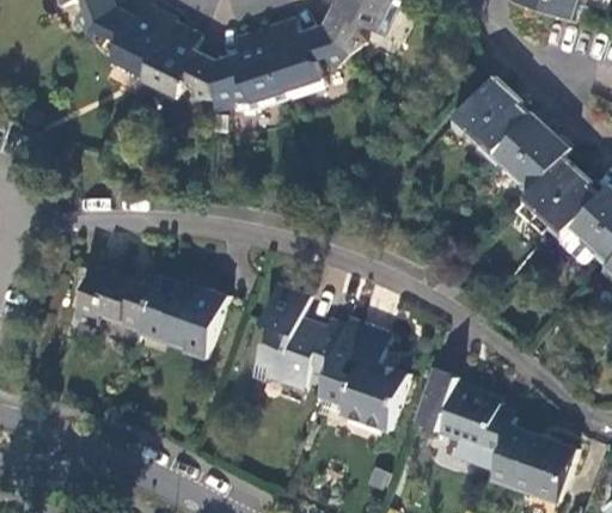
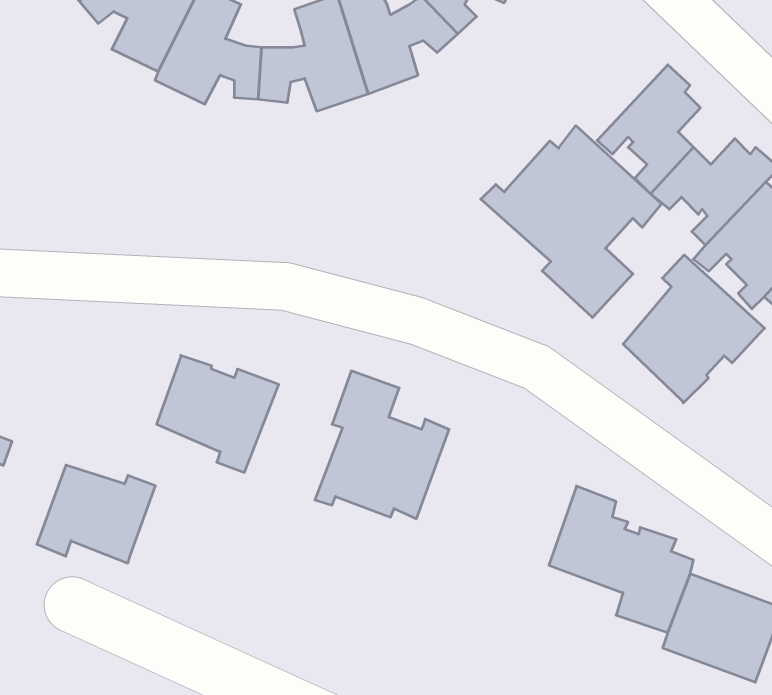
building: none -> [481,126,661,318]
building: none -> [623,255,765,403]
building: [75,262,158,330] -> [37,465,155,563]
building: [319,318,410,432] -> none

